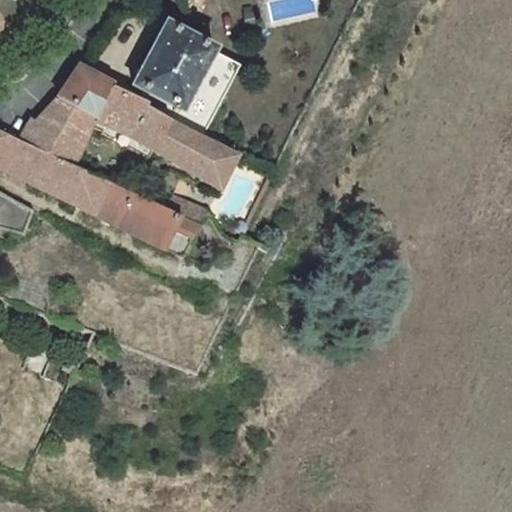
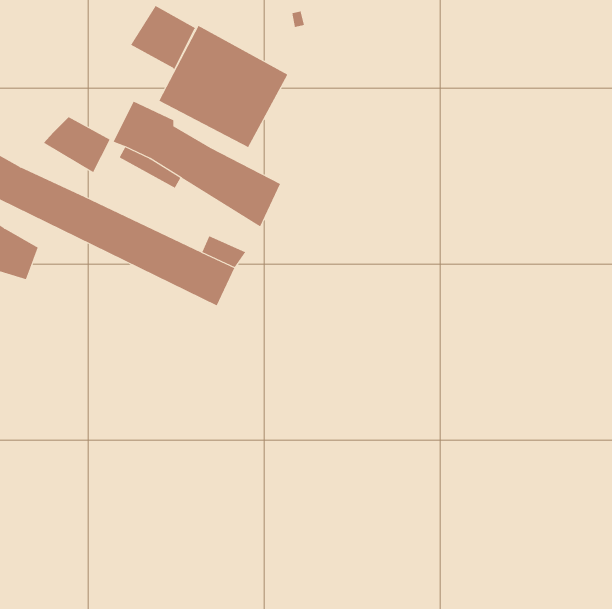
building: [57,64,112,118] -> [130,5,196,70]
building: [17,117,80,164] -> none

